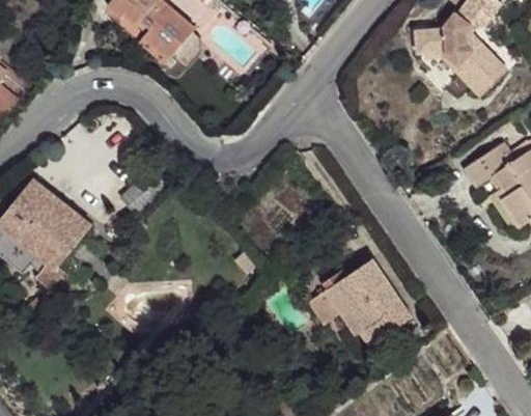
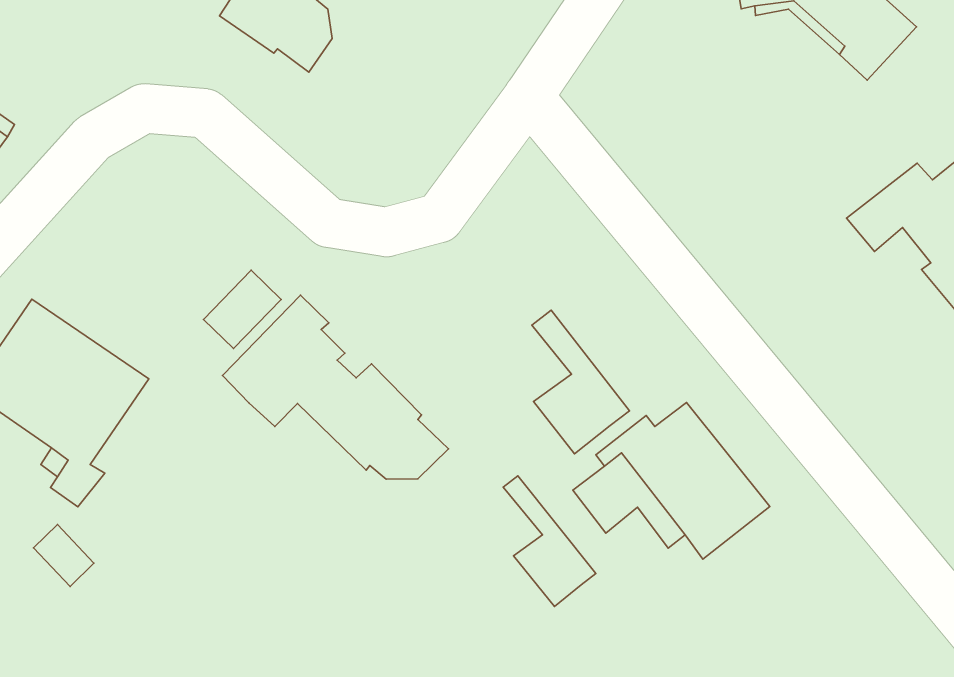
building: none -> [223,295,448,479]
building: none -> [532,310,629,454]
building: none -> [503,476,596,607]

